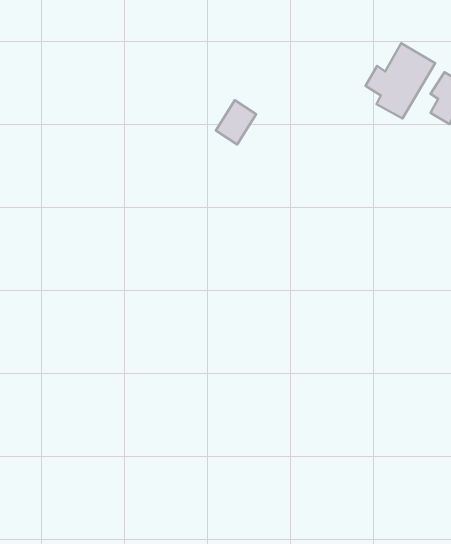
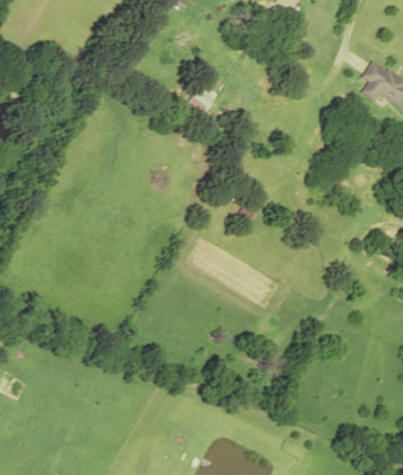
building: [365,43,435,118] -> none

